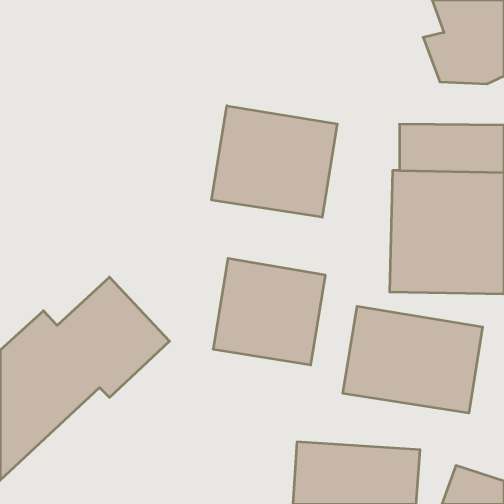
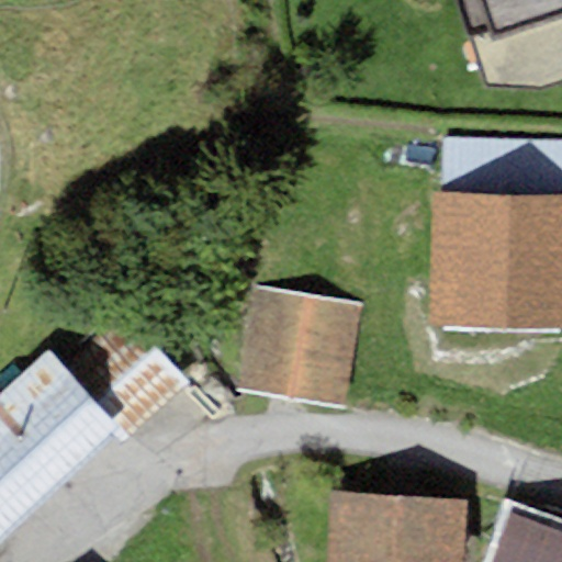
building: [212,106,337,217] -> none
building: [343,306,483,413] -> none

